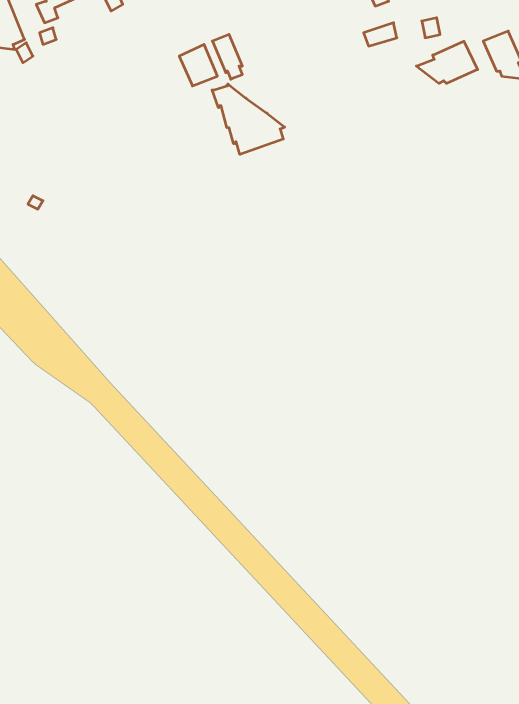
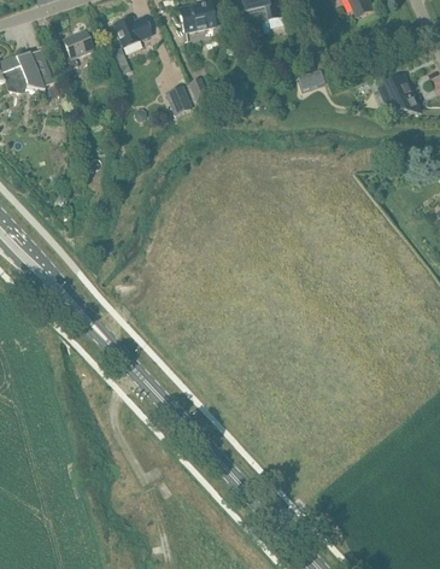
building: [416,41,478,83] -> none
building: [212,84,285,154] -> none

